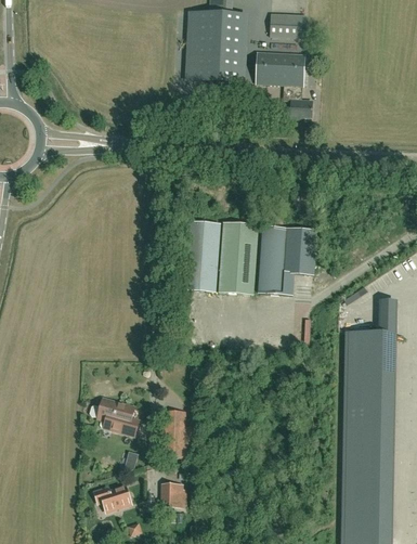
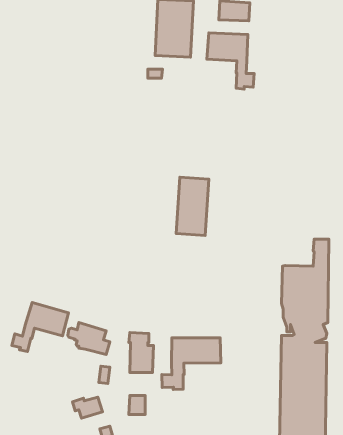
building: [182,220,218,290] -> none
building: [256,225,314,294] -> none
building: none -> [12,303,68,352]
building: none -> [162,338,221,390]

